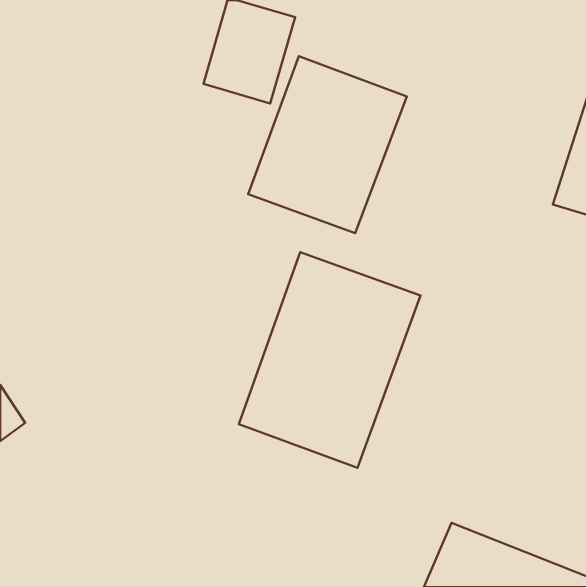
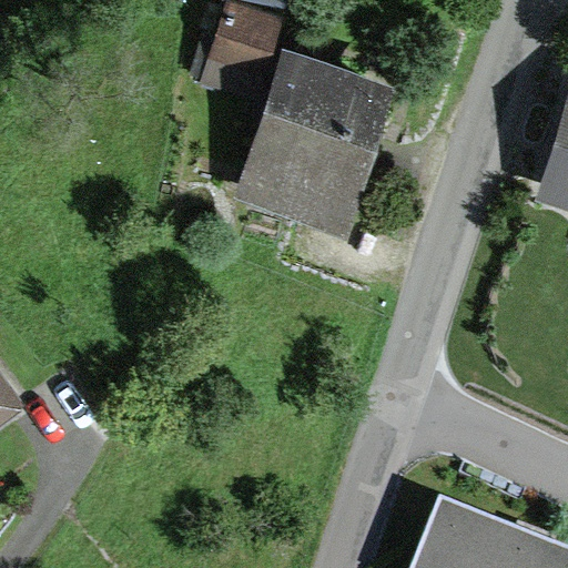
building: [239,252,421,468] -> none

